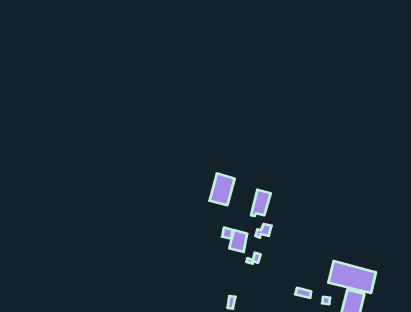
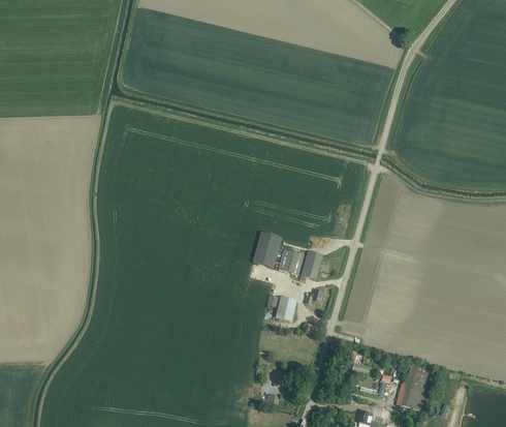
building: none -> [277,249,303,275]
building: [328,261,376,293] -> none

